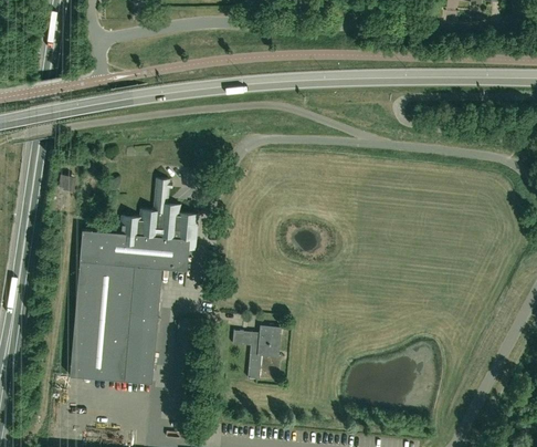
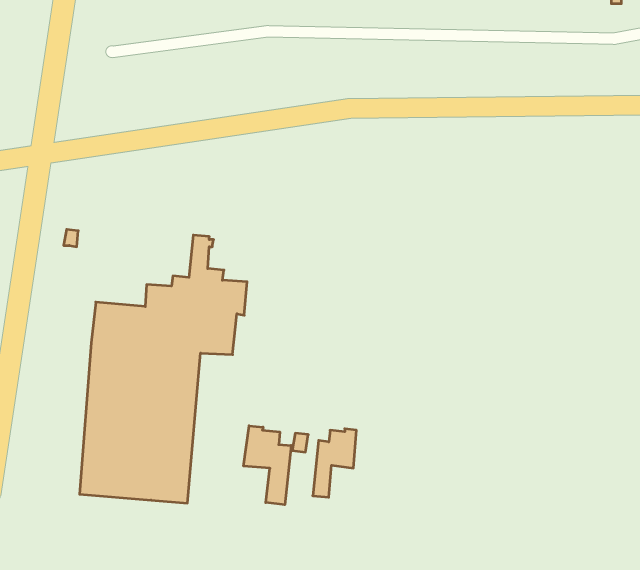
building: none -> [244,426,291,505]

